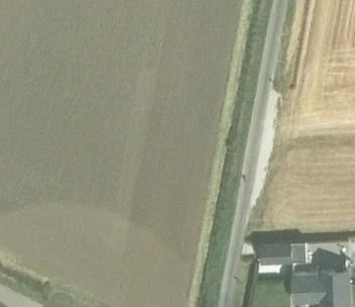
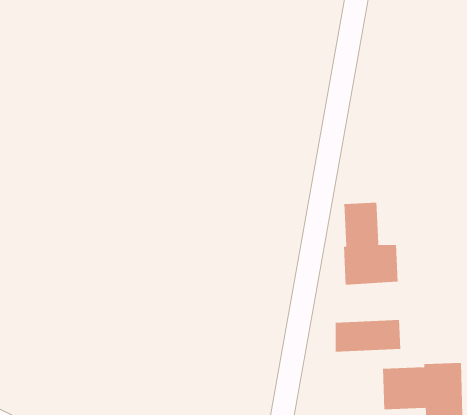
building: none -> [343,202,398,286]

